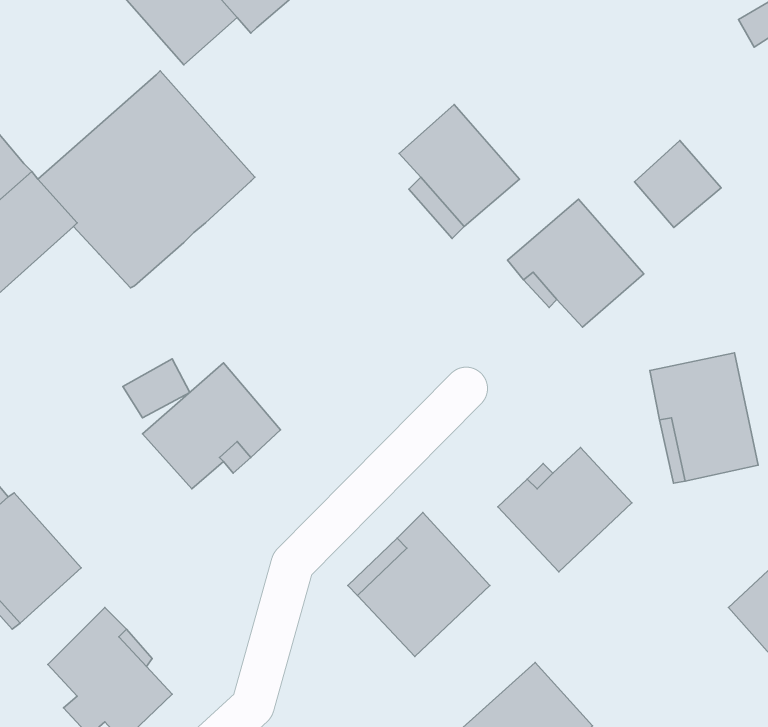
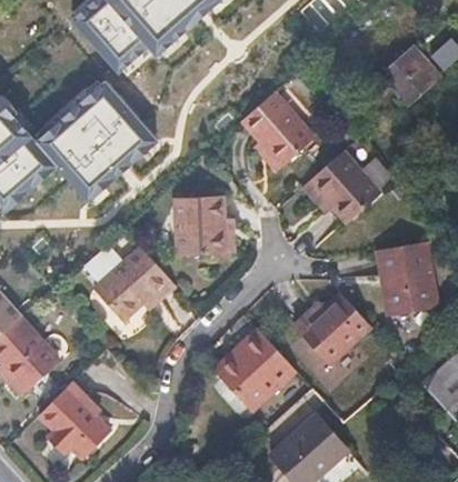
building: [634,141,721,227] -> [385,53,434,102]
building: none -> [181,197,232,253]

